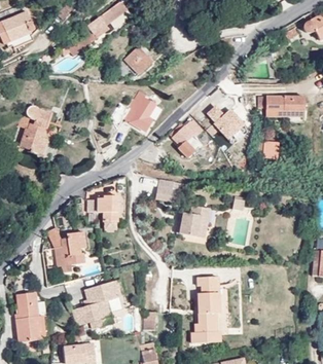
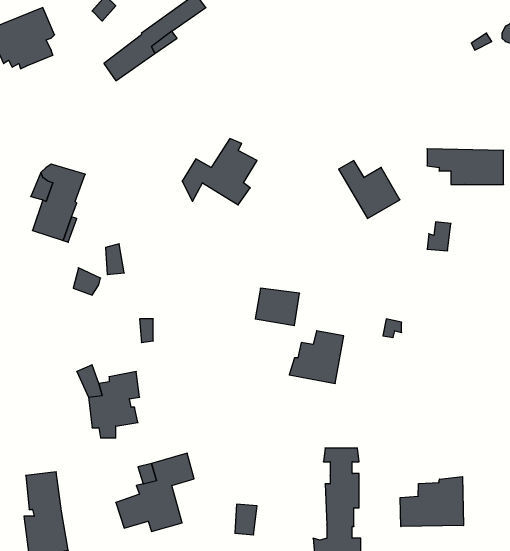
building: [125,45,153,75] -> none
building: [171,118,204,156] -> none
building: [99,195,119,221] -> none
building: none -> [400,477,463,527]

